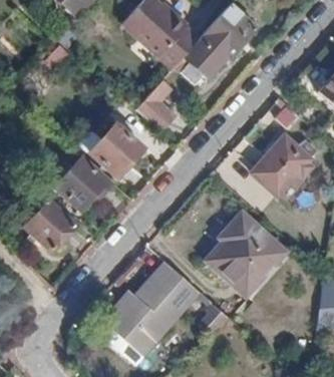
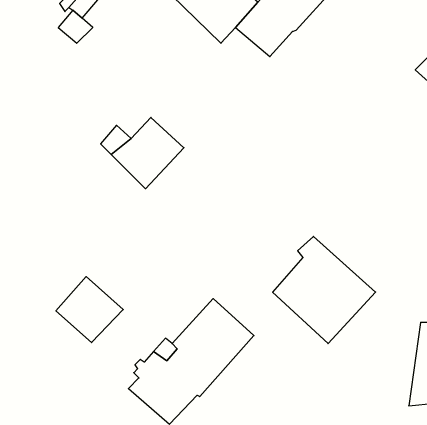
building: [133,81,172,131] -> none
building: [252,134,316,193] -> none
building: [54,154,112,211] -> none
building: [21,200,72,250] -> [56,277,123,343]

